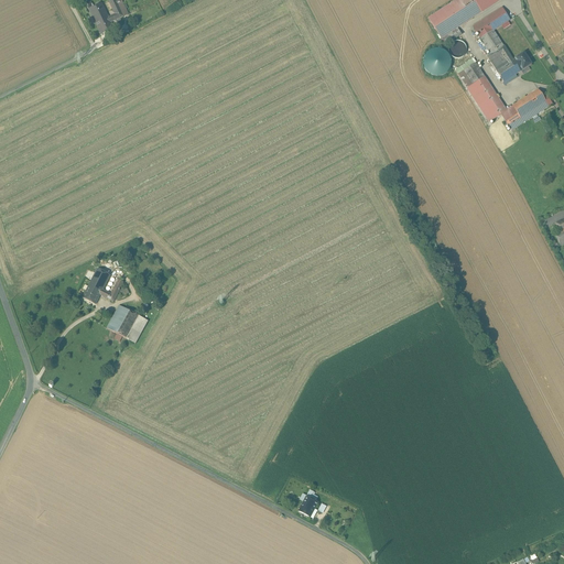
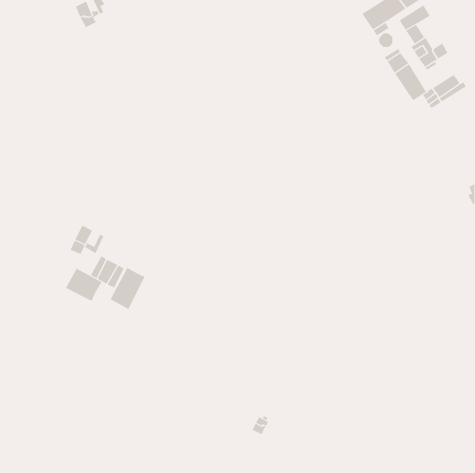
building: [423,47,451,74] -> none
building: none -> [110,267,146,310]
building: none -> [65,268,102,302]

